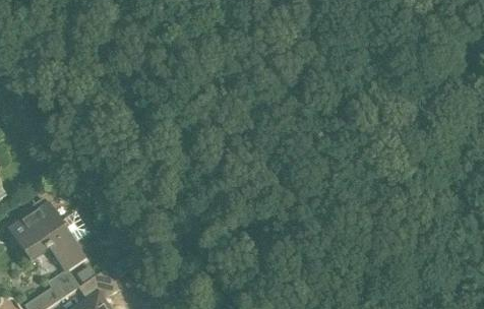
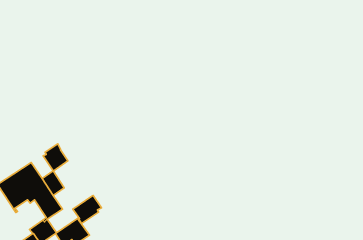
building: none -> [43,144,68,171]
building: none -> [73,195,102,224]

